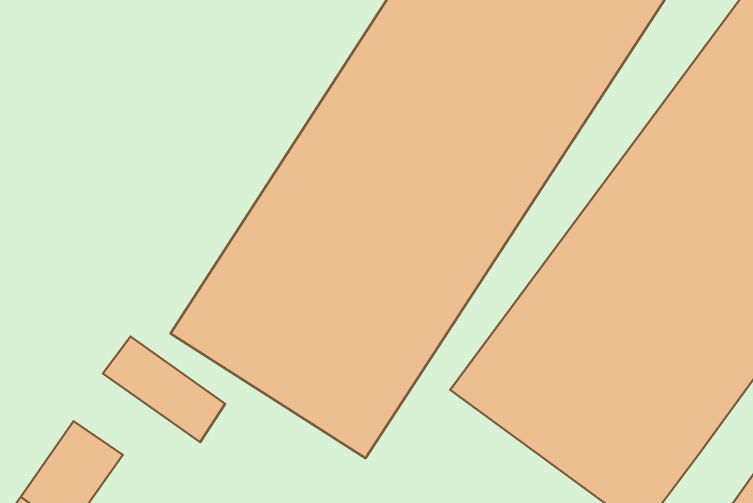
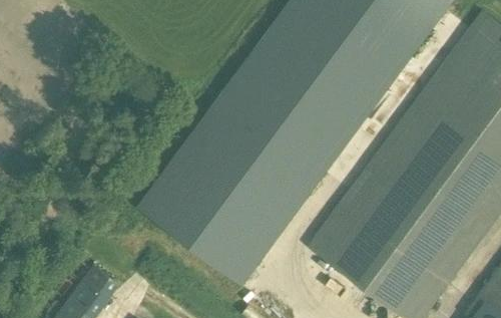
building: [103,337,225,442] -> none

